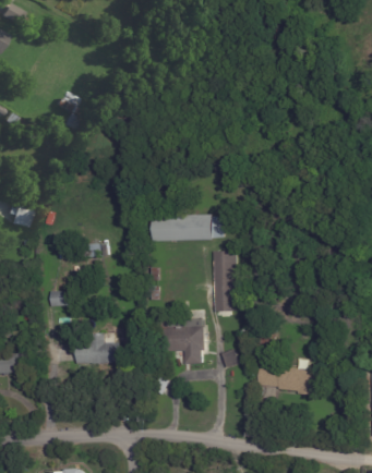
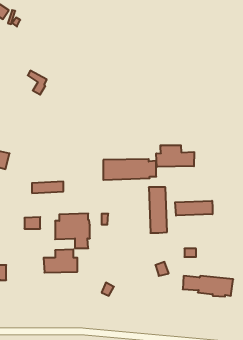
building: none -> [156,145,194,167]
building: none -> [175,201,213,216]
building: [160,317,206,363] -> [55,214,90,248]

